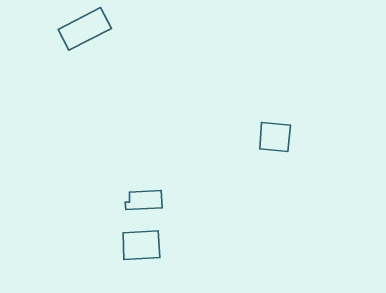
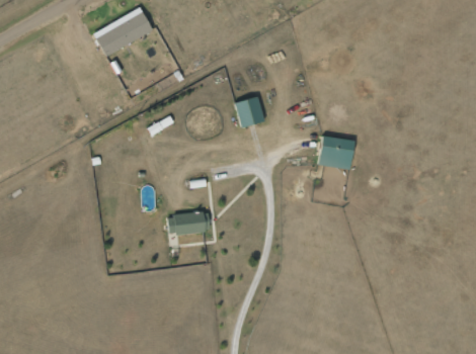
building: none -> [235,98,263,127]
building: [123,231,160,260] -> none

